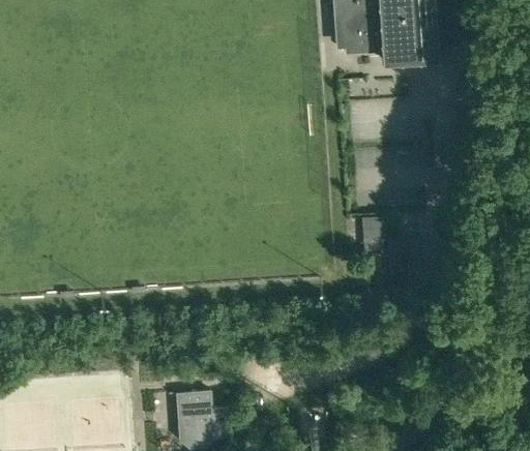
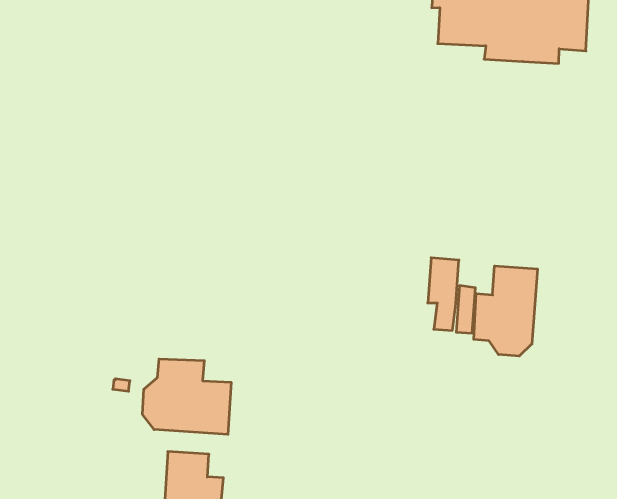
building: none -> [474,266,537,356]
building: none -> [142,359,231,434]

